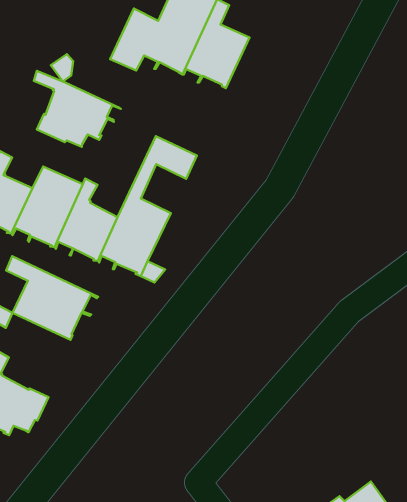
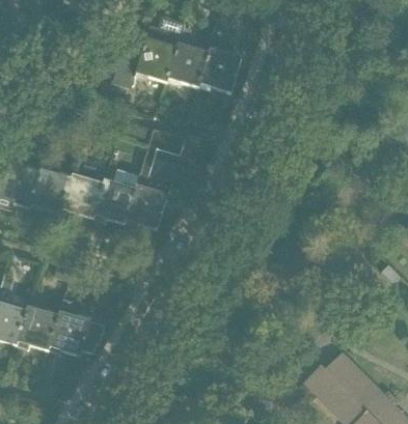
building: none -> [197,35,240,92]
building: [34,71,121,147] -> none
building: [6,256,98,340] -> none

